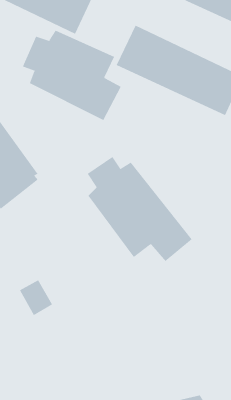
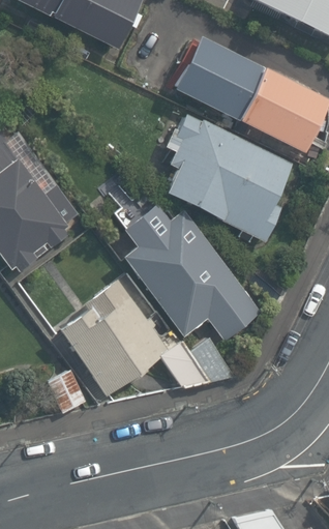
building: [22,30,121,121] -> none
building: none -> [170,115,294,240]
building: none -> [62,281,171,394]

